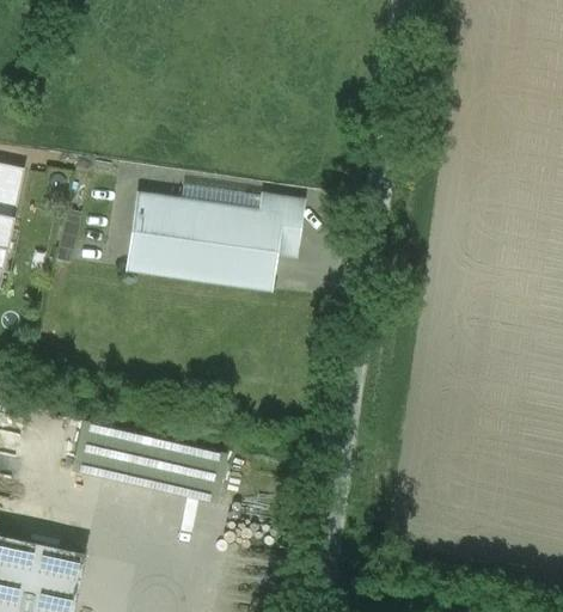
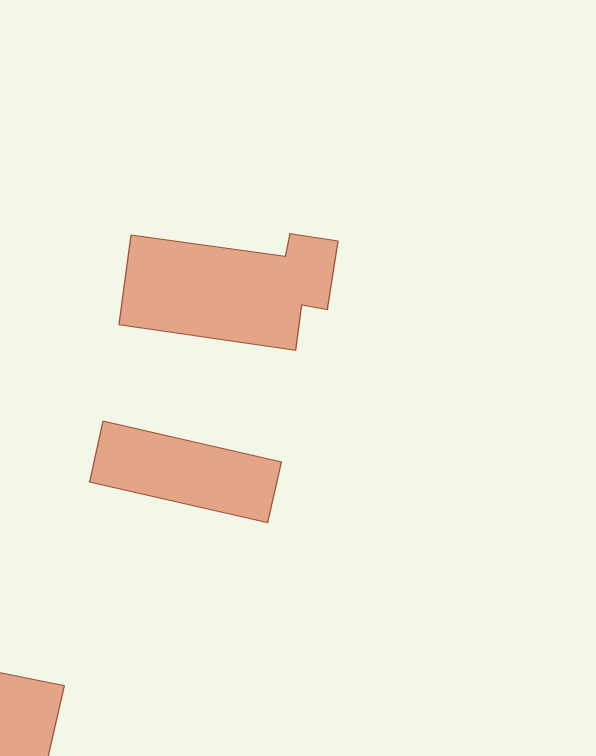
building: [74,422,226,502] -> [89,421,281,523]

